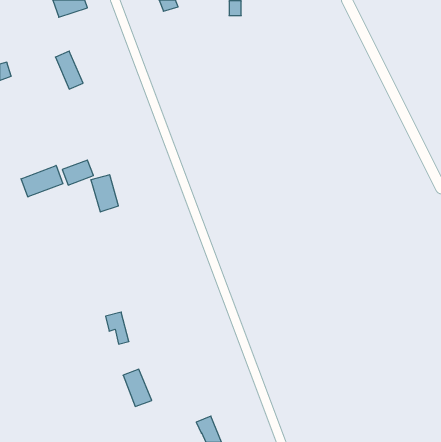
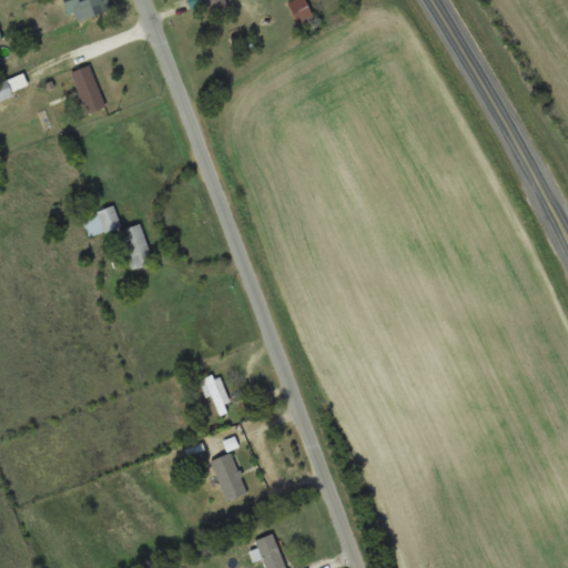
building: [21,165,63,197] -> none
building: [106,312,129,344] -> [199,374,229,415]
building: [123,369,152,406] -> [210,453,246,500]

